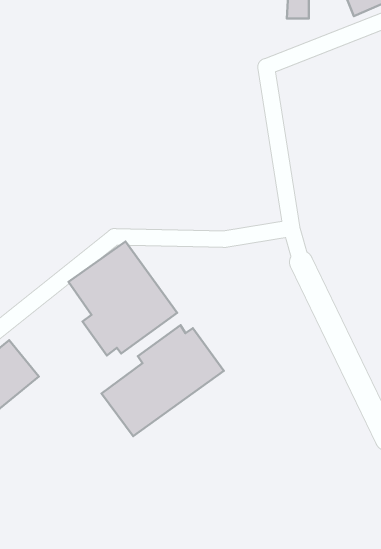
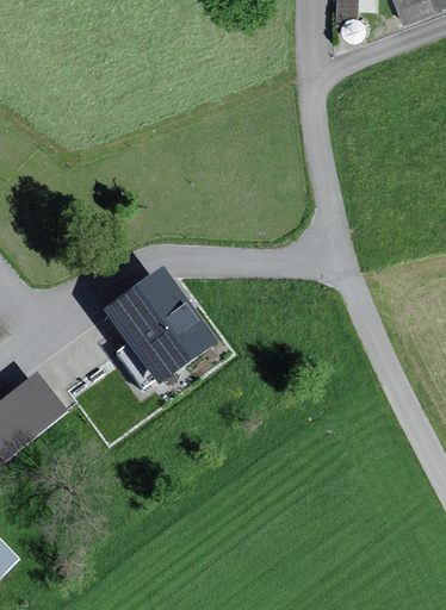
building: [102,325,224,436] -> none

